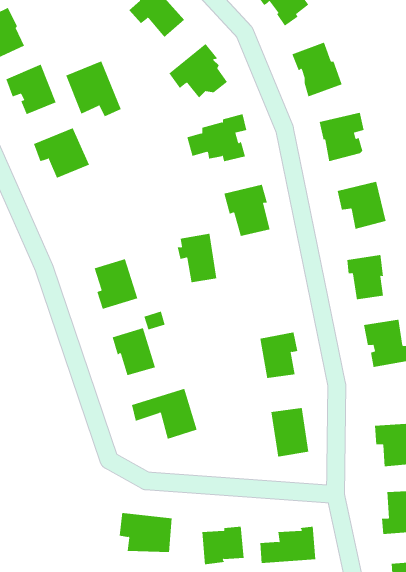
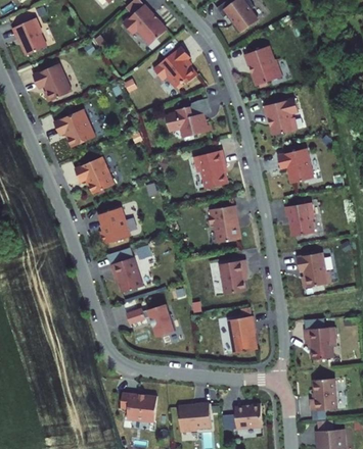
building: [66,60,122,117] -> none
building: none -> [72,156,111,193]
building: [177,233,217,283] -> [208,206,237,243]

